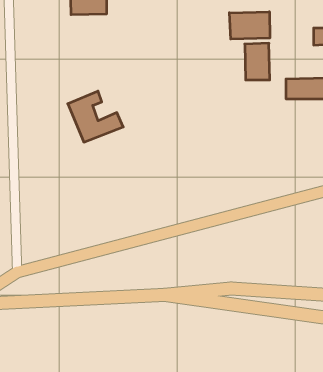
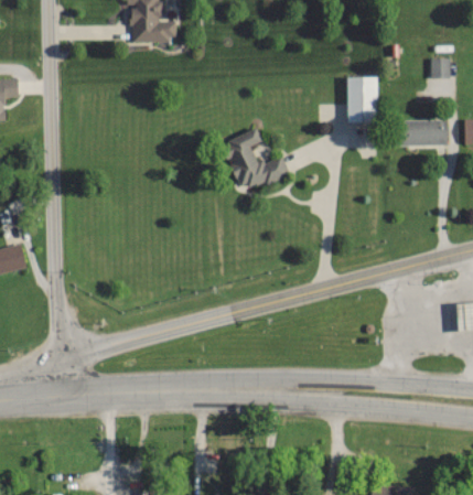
building: [229,12,270,39] -> none
building: [68,91,123,142] -> [221,129,289,192]

